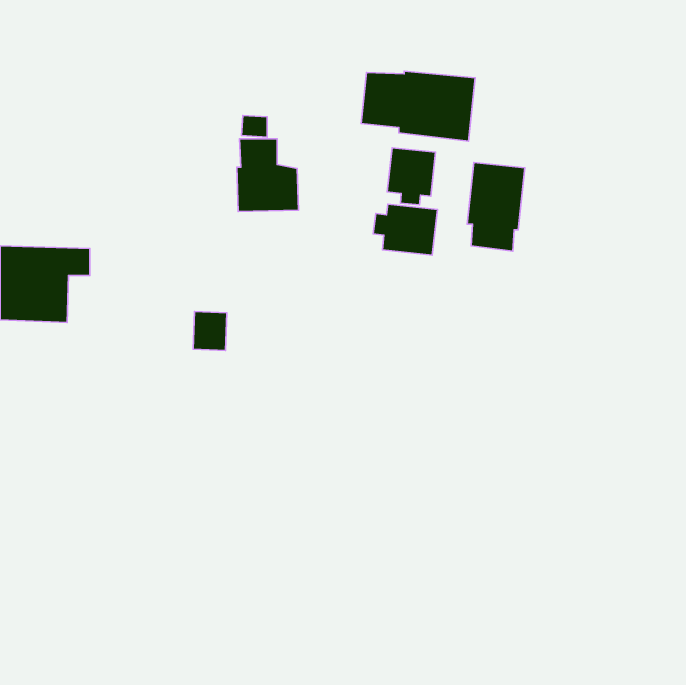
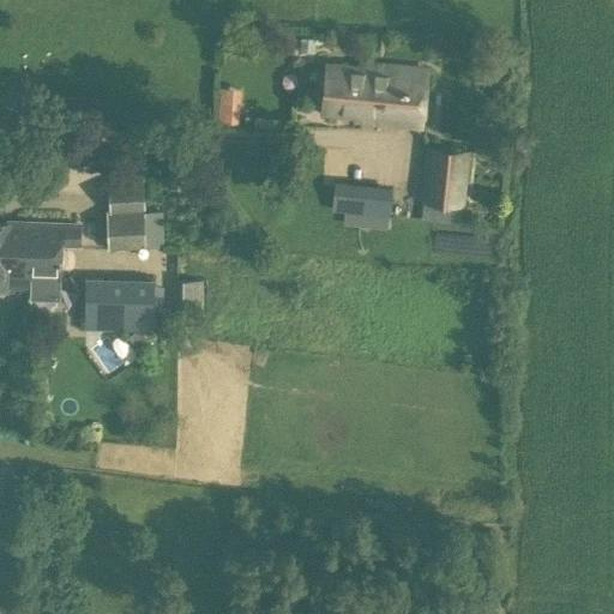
building: [237,139,299,211] -> [106,185,161,249]
building: [387,148,436,205] -> none
building: none -> [85,278,154,331]

